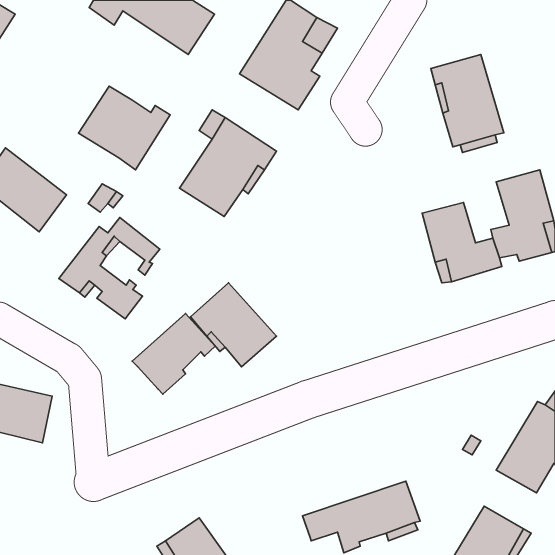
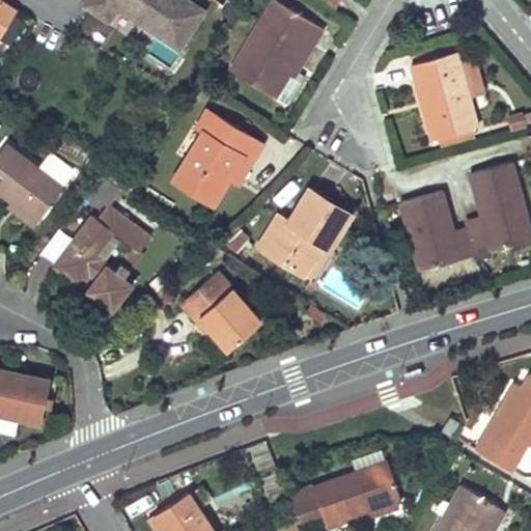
building: [79,86,170,170] -> none
building: none -> [256,189,351,282]
building: [132,313,215,394] -> none

